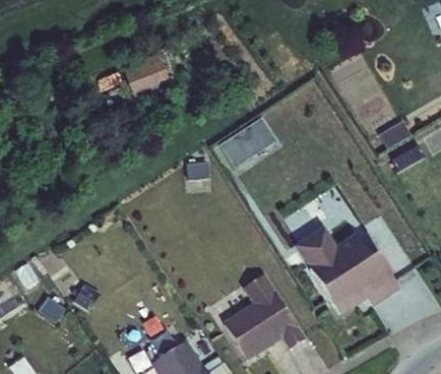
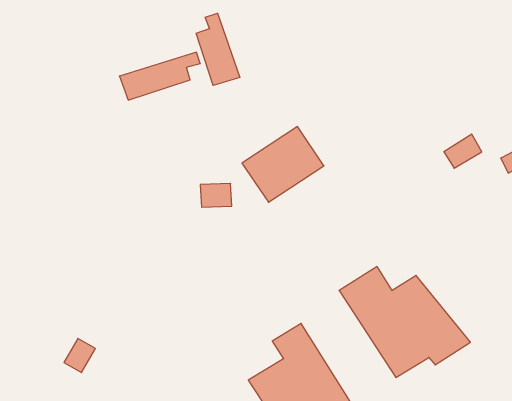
building: none -> [196,13,240,85]

